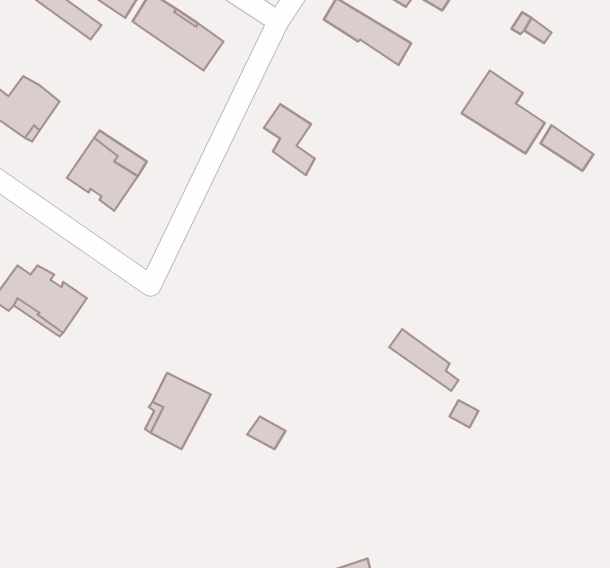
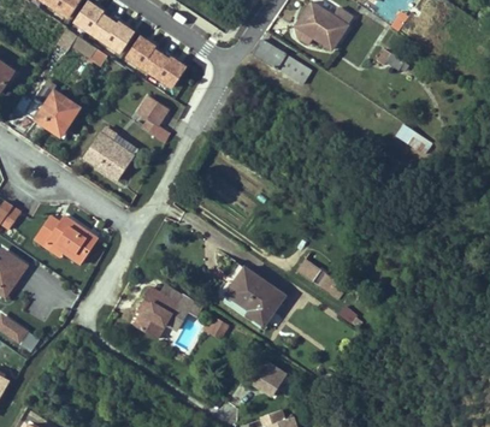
building: [462,71,545,154] -> none
building: [264,104,315,175] -> [136,96,170,143]
building: none -> [225,268,283,325]
building: none -> [249,361,287,399]

